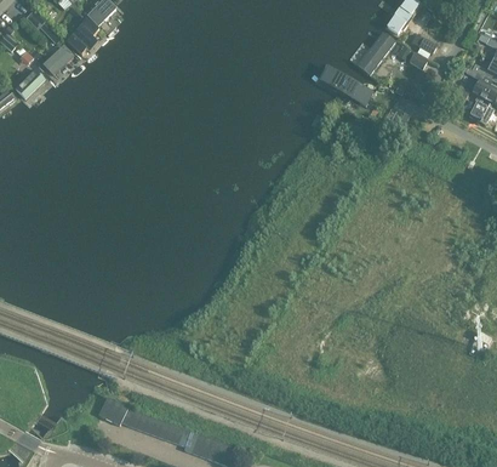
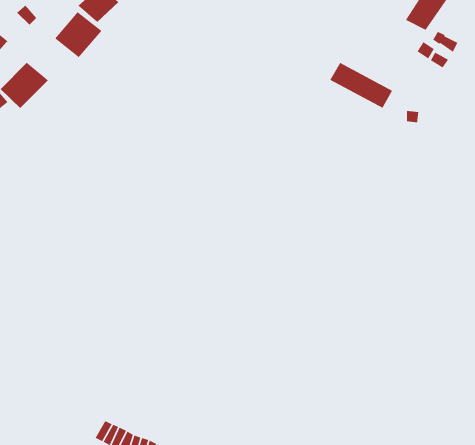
building: [353,24,396,74] -> none
building: [38,41,80,80] -> none

